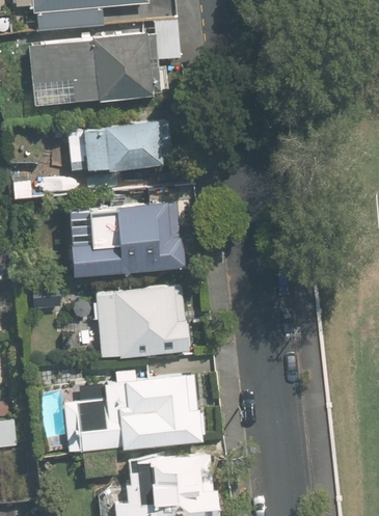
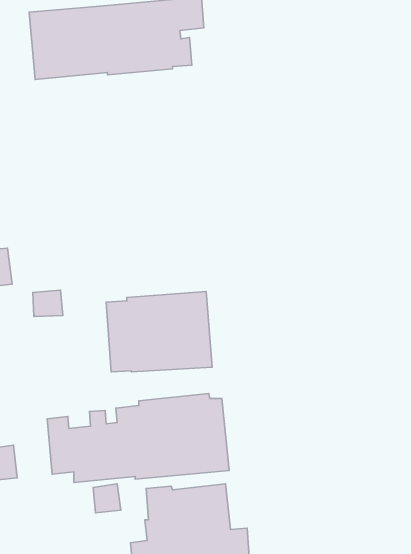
building: [70,119,171,169] -> none
building: [64,202,184,275] -> none

